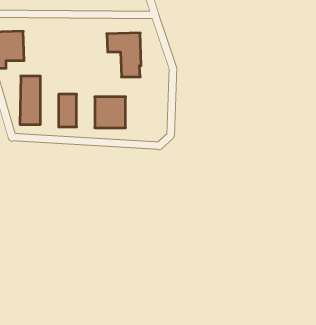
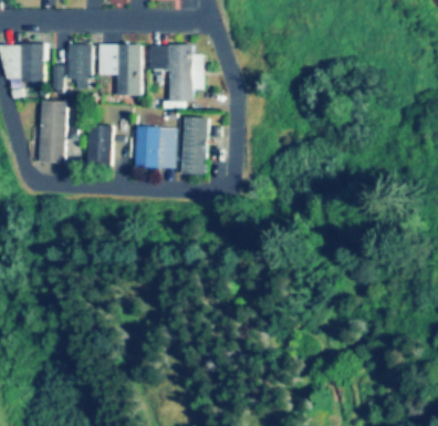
building: none -> [54,44,93,87]
building: none -> [100,44,142,95]
building: none -> [182,117,209,175]

